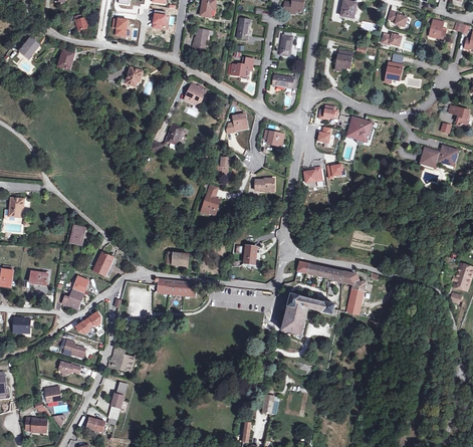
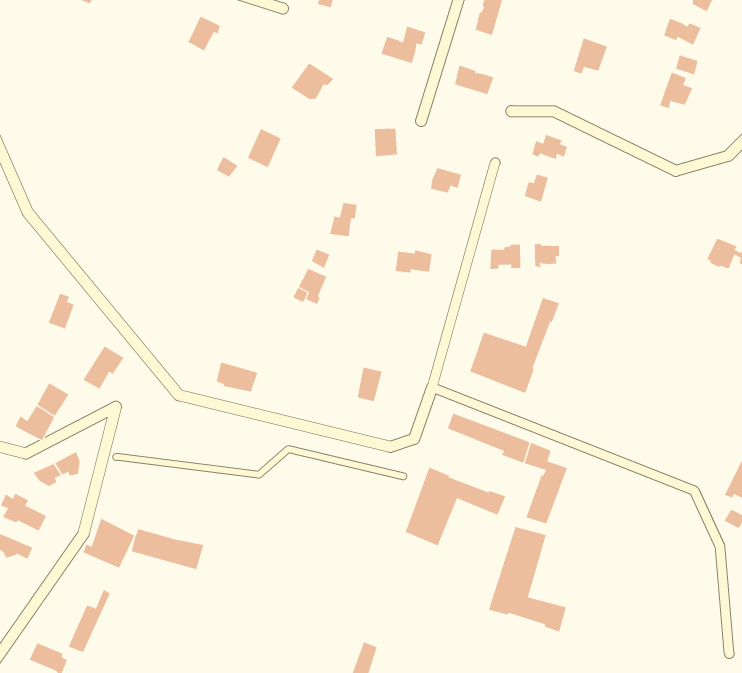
building: [347,117,372,143] -> none
building: none -> [469,297,560,394]
building: [156,278,195,296] -> [131,528,204,570]
building: none -> [488,526,567,632]

